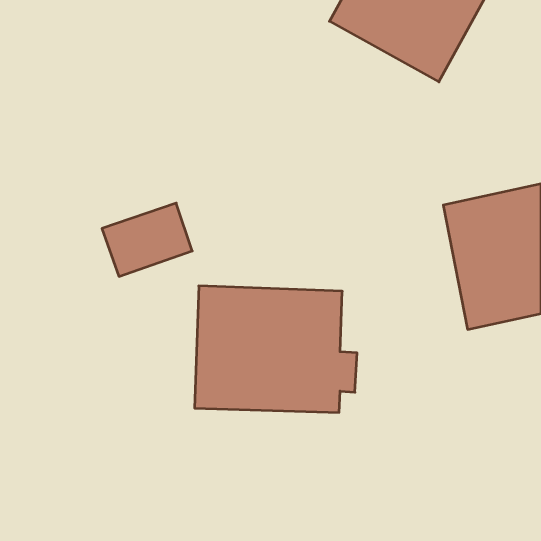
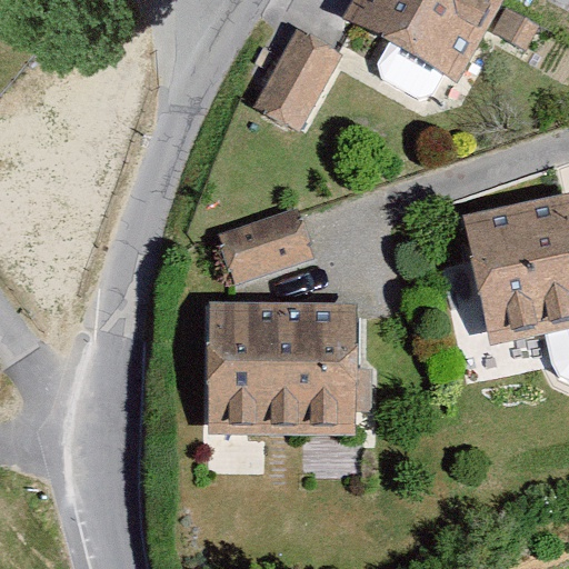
building: none -> [257,47,345,147]
building: [102,203,192,276] -> [217,207,311,283]

